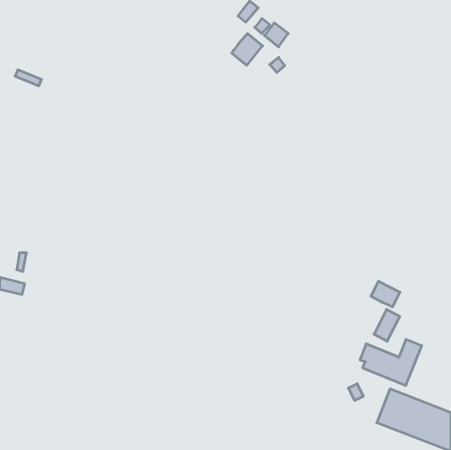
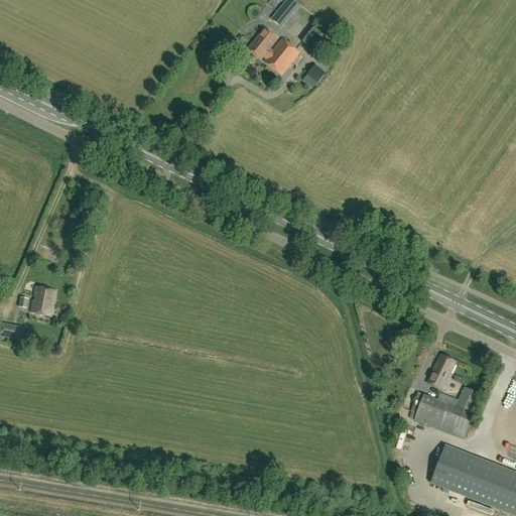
building: none -> [248,27,277,57]
building: none -> [30,285,55,313]
building: [371,281,400,307] -> none

